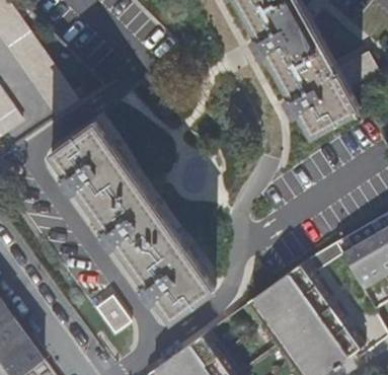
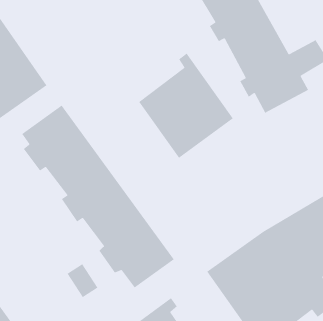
building: none -> [138,53,234,159]

